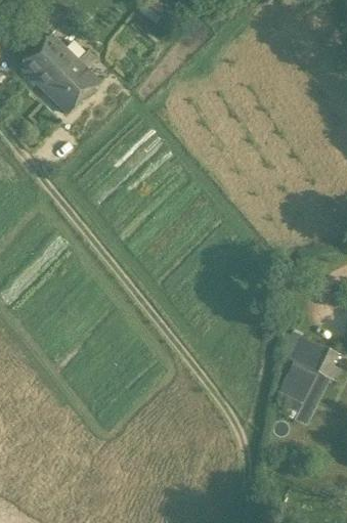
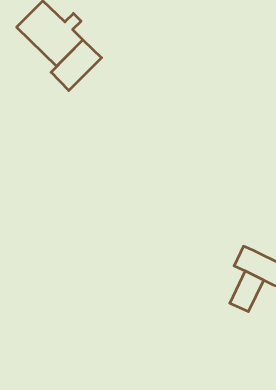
building: none -> [51,40,102,91]

